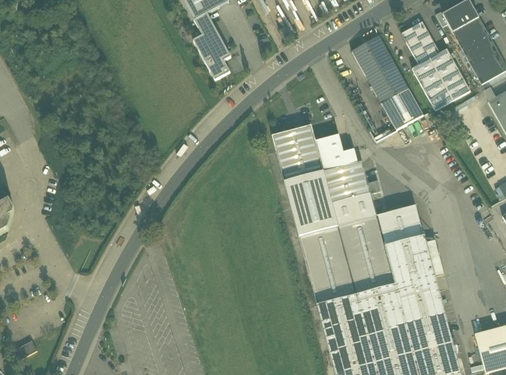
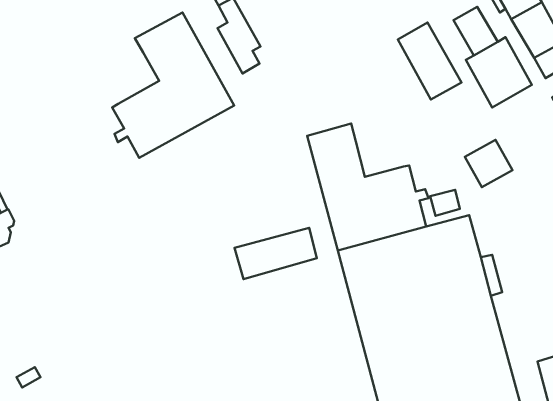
building: none -> [112,12,234,158]
building: [381,87,423,129] -> [465,140,513,187]
building: [315,133,357,170] -> none
building: none -> [430,190,460,216]
building: none -> [235,228,317,279]

